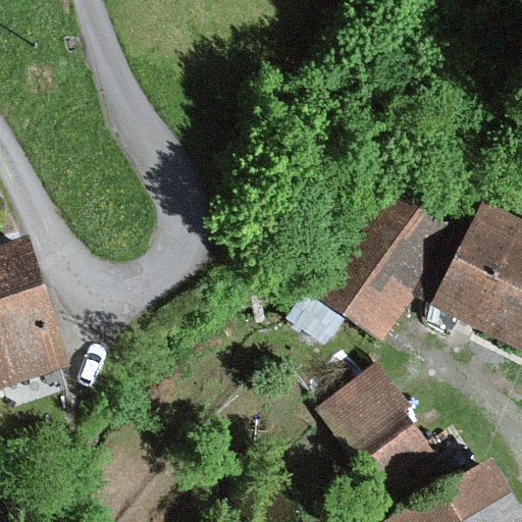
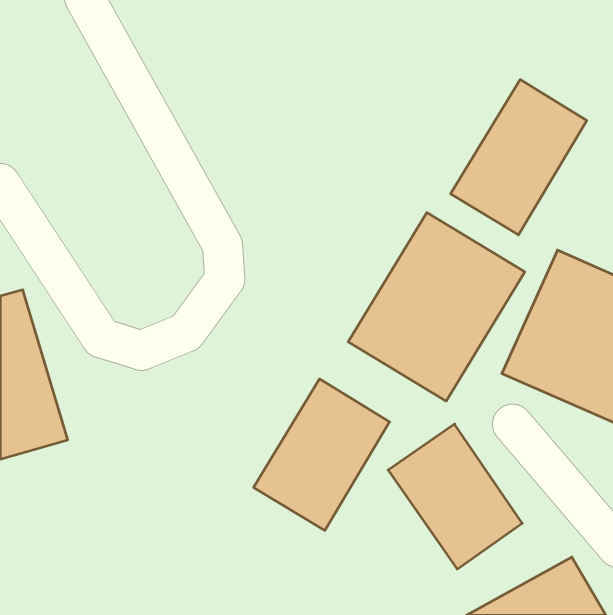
building: none -> [451,80,587,235]
building: none -> [254,379,390,530]

